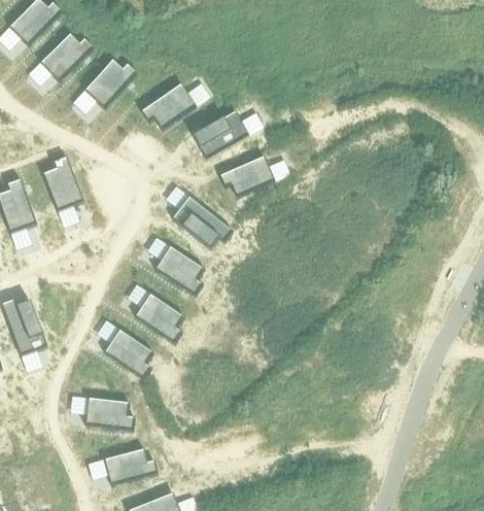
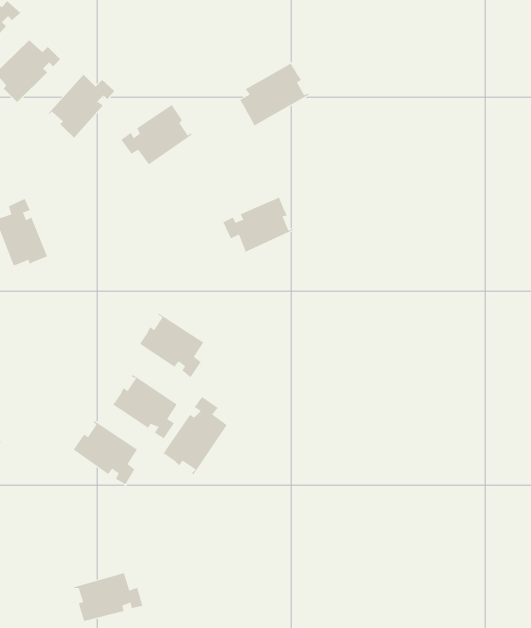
building: [194,109,248,159] -> [239,63,310,126]
building: [170,195,232,243] -> none
building: none -> [163,396,228,475]
building: [83,396,134,430] -> none

